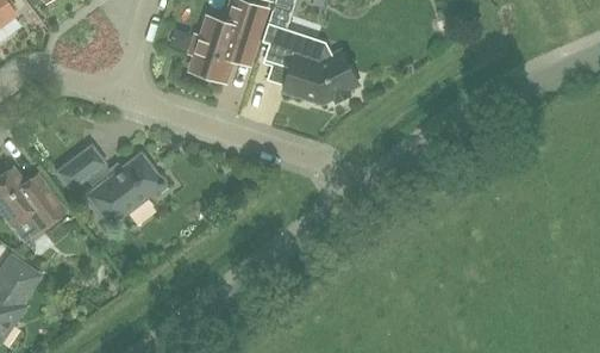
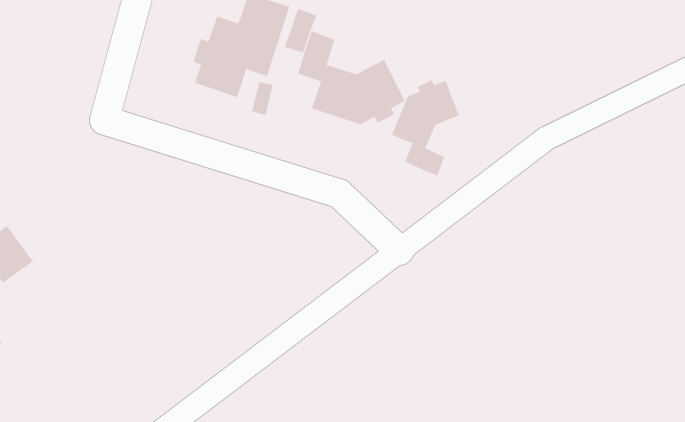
building: none -> [391,80,460,177]
building: [56,145,163,225] -> none

